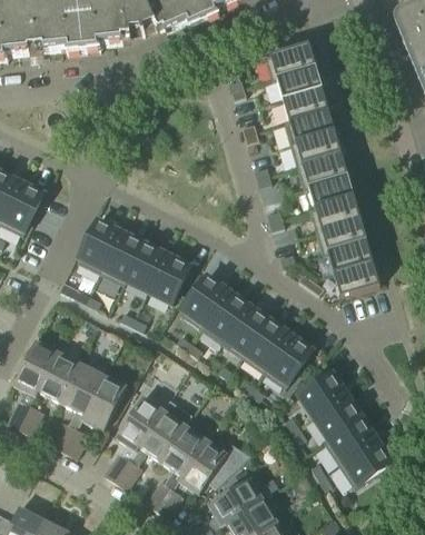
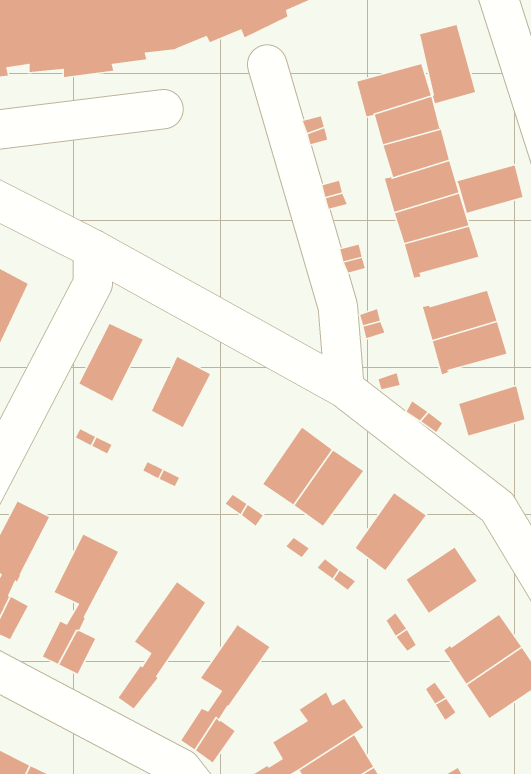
building: none -> [419,24,476,104]
building: [308,176,354,209] -> [456,164,523,214]
building: [100,231,144,286] -> none
building: [327,241,373,275] -> none
building: [148,255,190,303] -> none
building: [180,276,228,329] -> none
building: [243,320,290,373] -> none
building: [38,351,80,403] -> none
building: [81,375,127,430] -> none
building: [314,395,362,439] -> none
building: [115,399,192,489] -> none
building: [178,439,251,494] -> none

